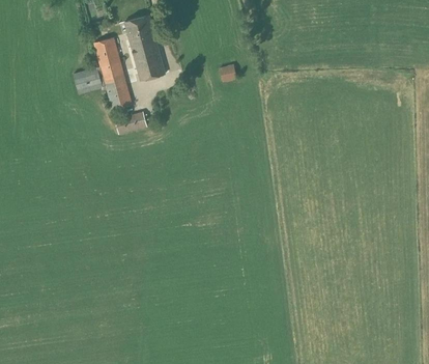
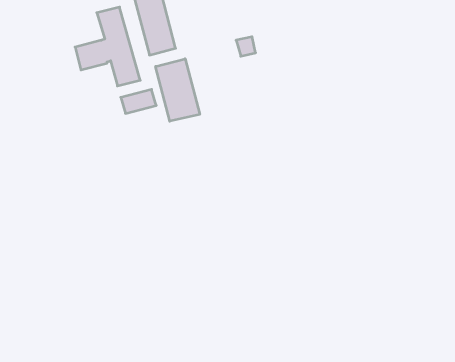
building: none -> [156,59,200,121]

